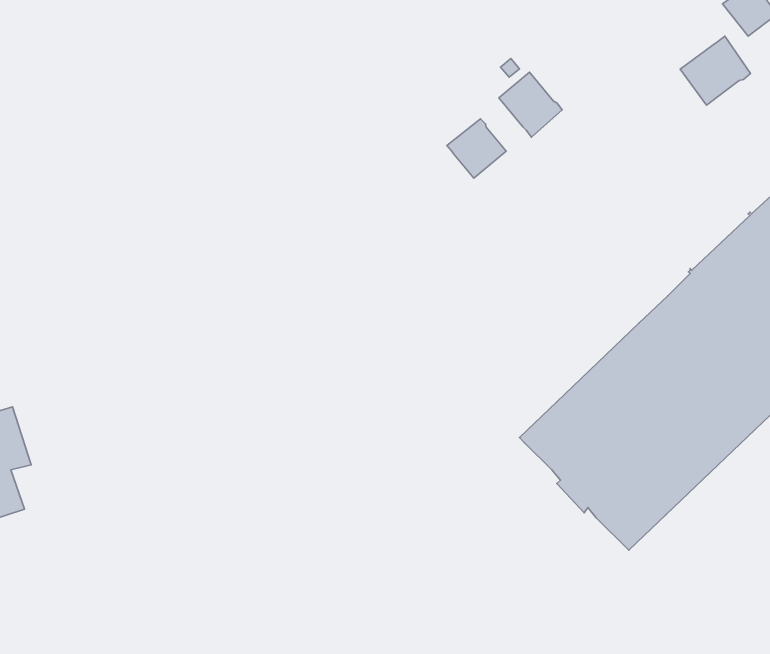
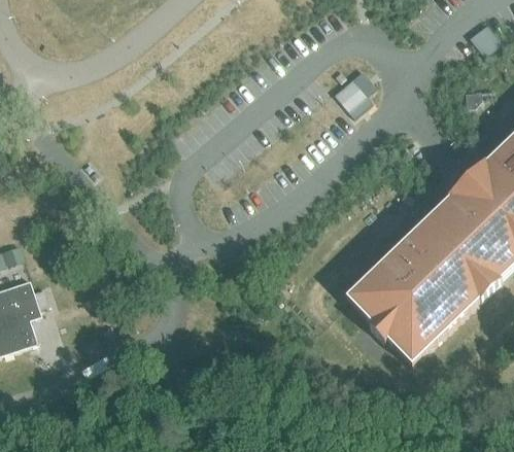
building: [680,36,751,105] -> none
building: [447,119,506,178] -> none

